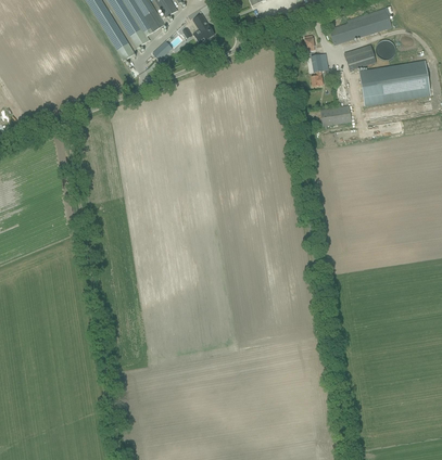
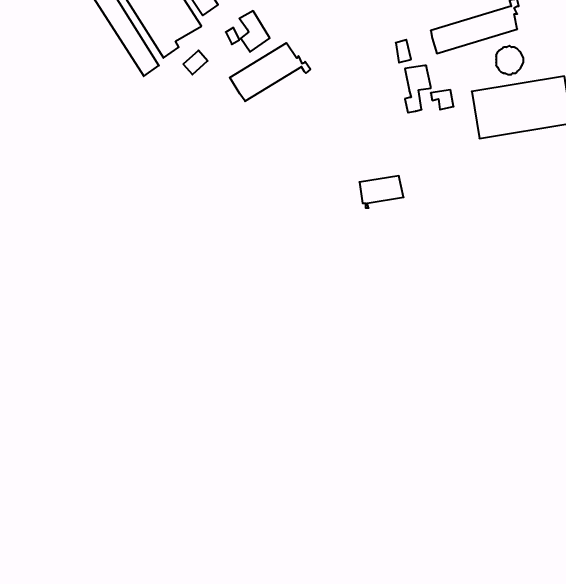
building: none -> [230,43,310,101]
building: [343,43,376,69] -> none
building: [320,104,352,127] -> [359,176,404,208]

